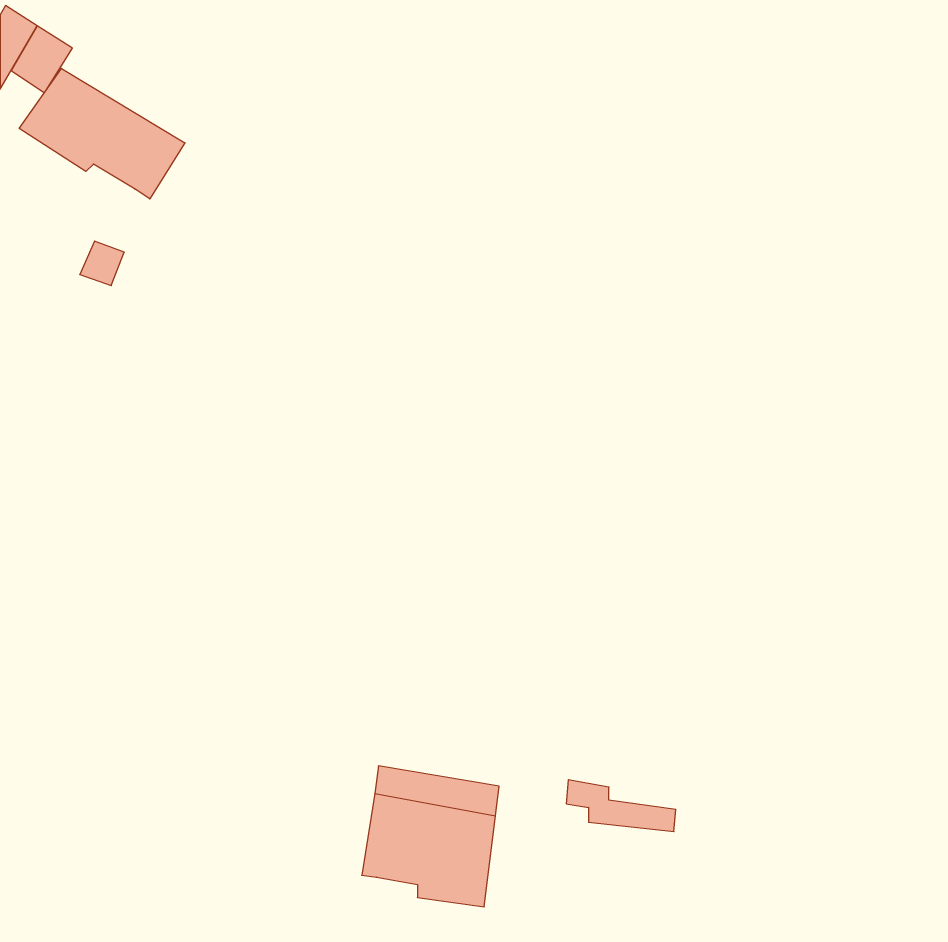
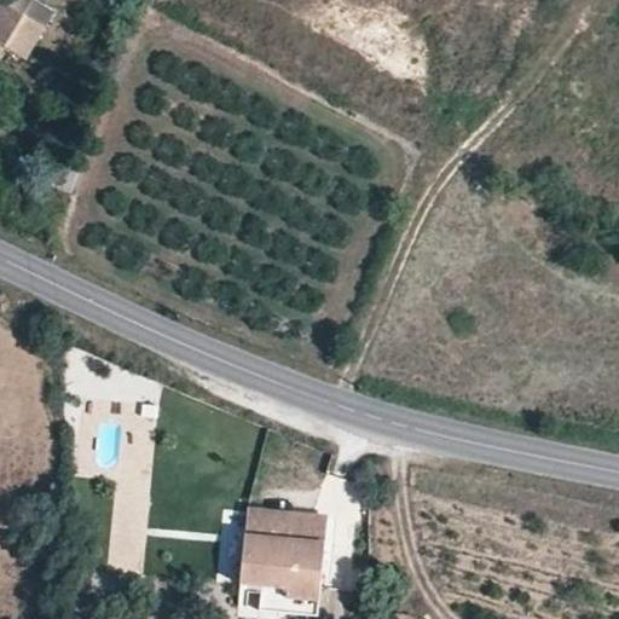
building: [19,68,185,199] -> none
building: [566,780,676,832] -> [244,572,316,606]

